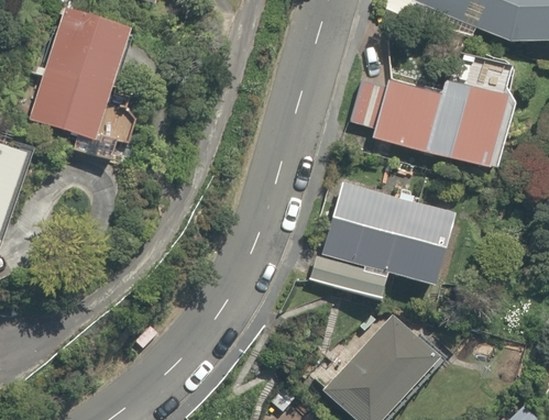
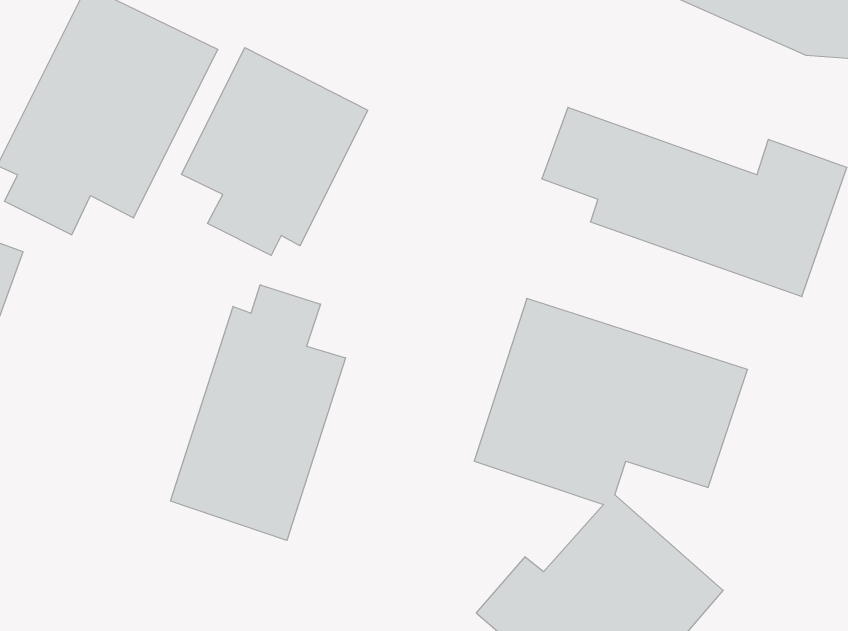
building: none -> [181,48,368,255]
building: none -> [170,285,346,540]

